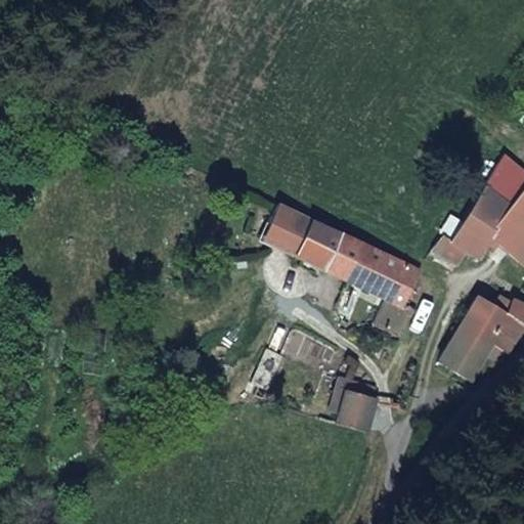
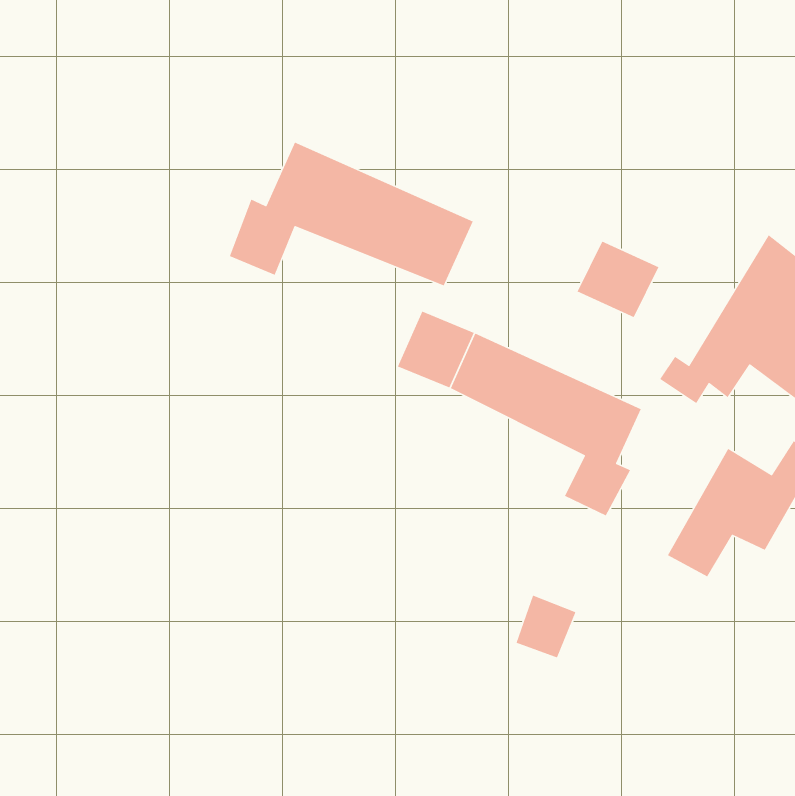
building: none -> [229,141,474,286]
building: none -> [576,241,659,318]

